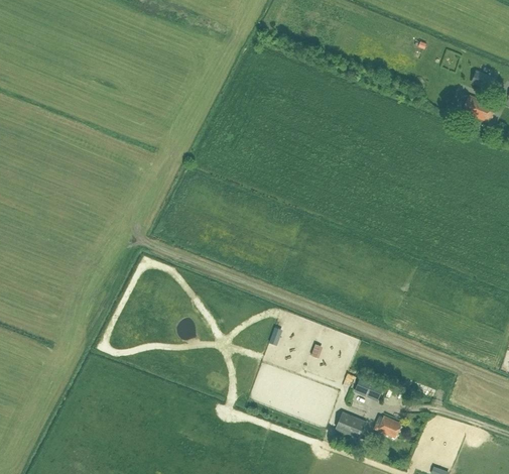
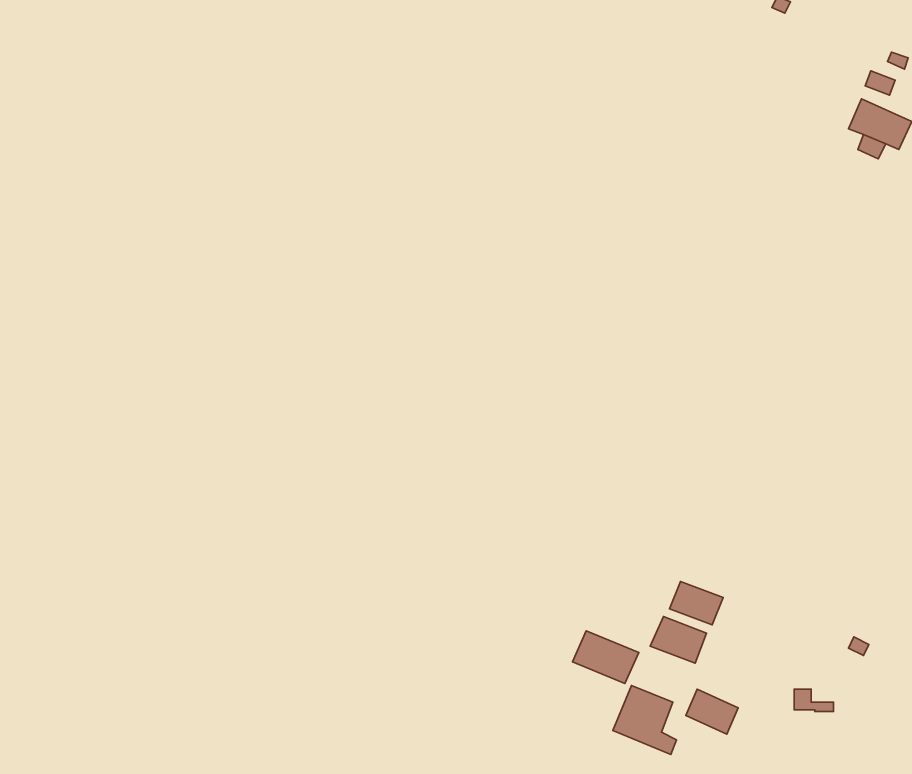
building: none -> [670,582,723,625]
building: none -> [573,631,639,684]

